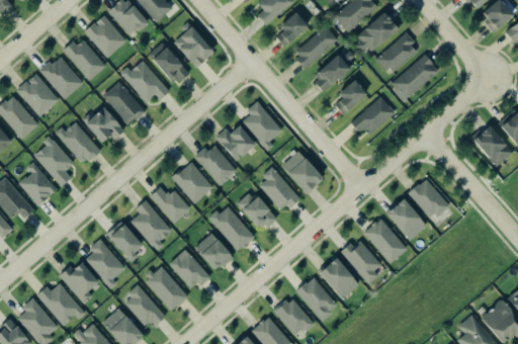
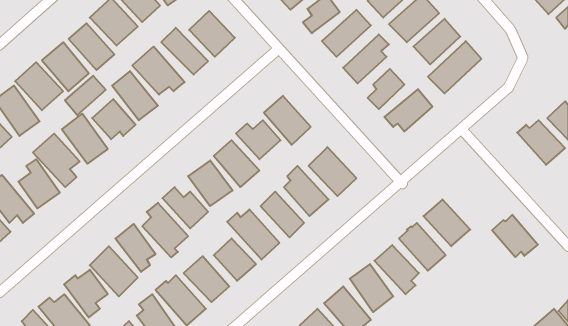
building: none -> [65,76,106,115]
building: [407,179,448,218] -> [492,215,538,257]

